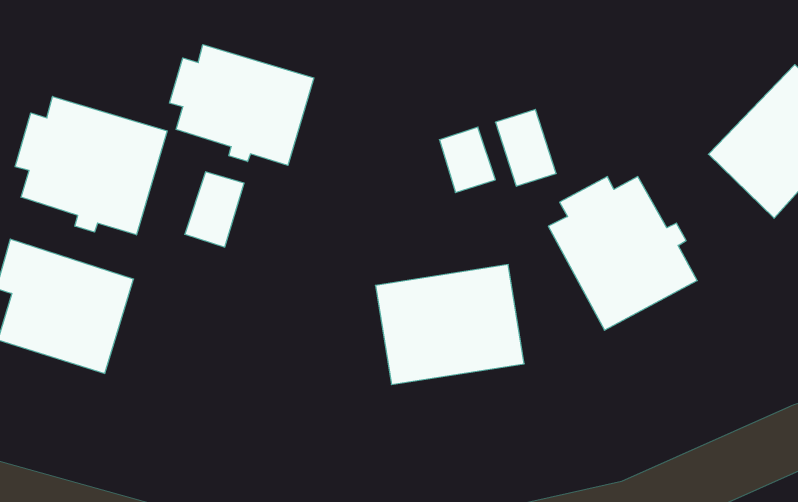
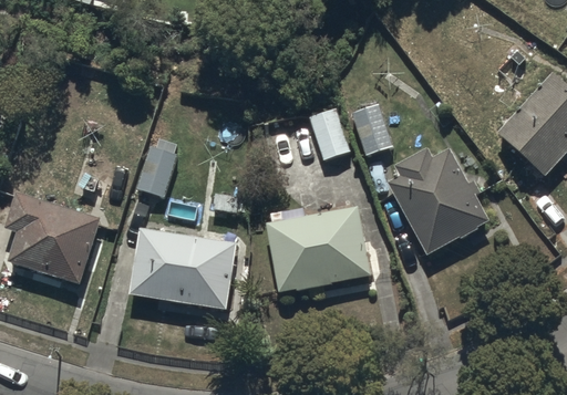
building: [169,45,314,165] -> none
building: [15,96,167,235] -> none
building: none -> [128,227,238,310]

